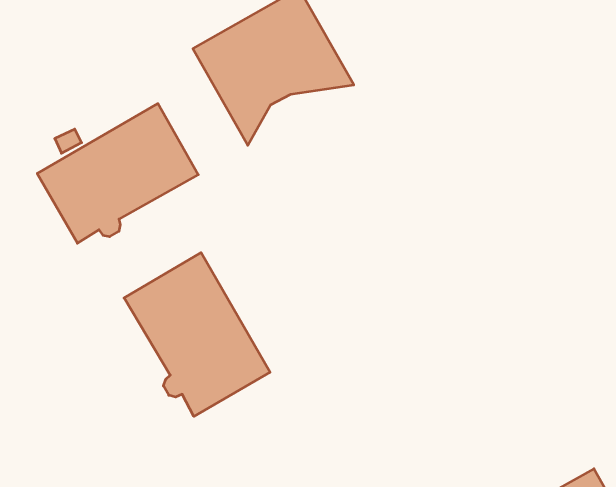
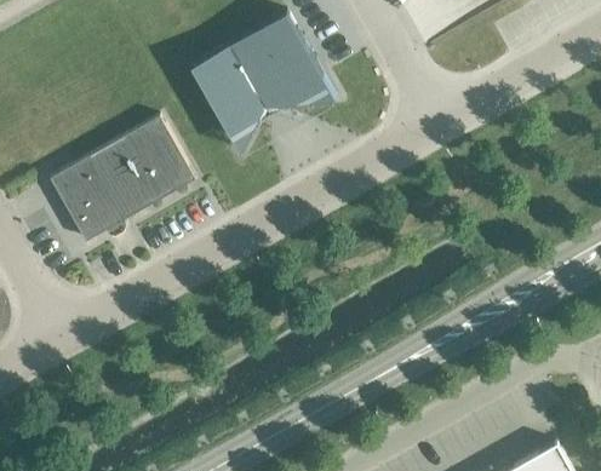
building: [124,253,270,416] -> none

